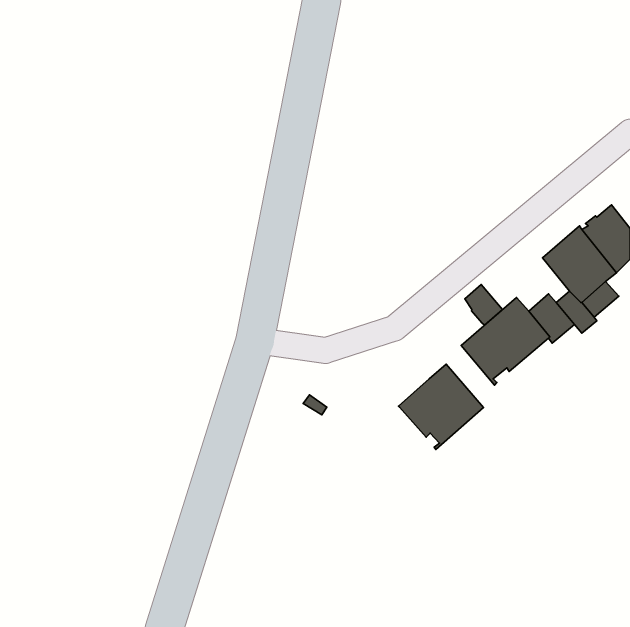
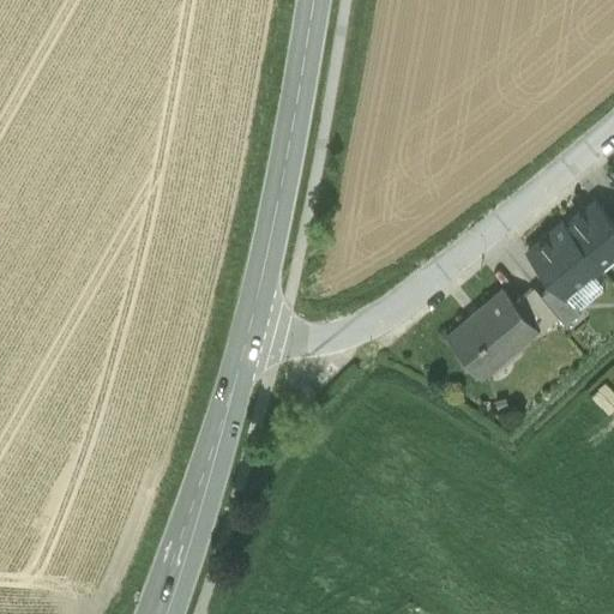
building: [465,284,503,325] -> none
building: [399,364,483,449] -> none

